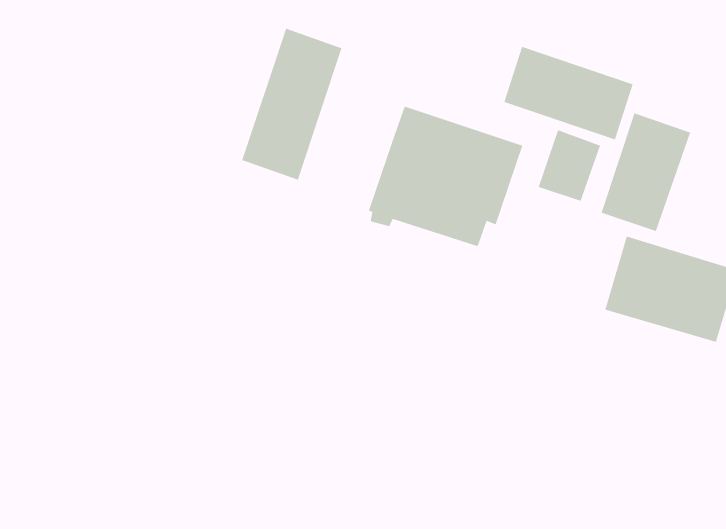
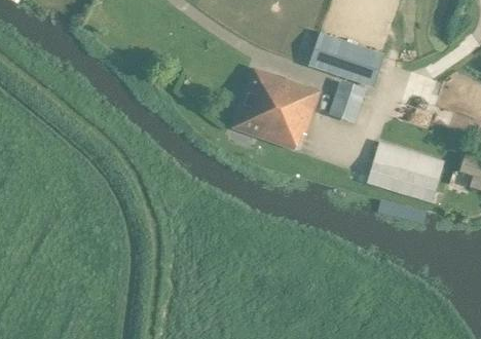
building: [242,28,342,181] -> none
building: [601,113,691,232] -> none

